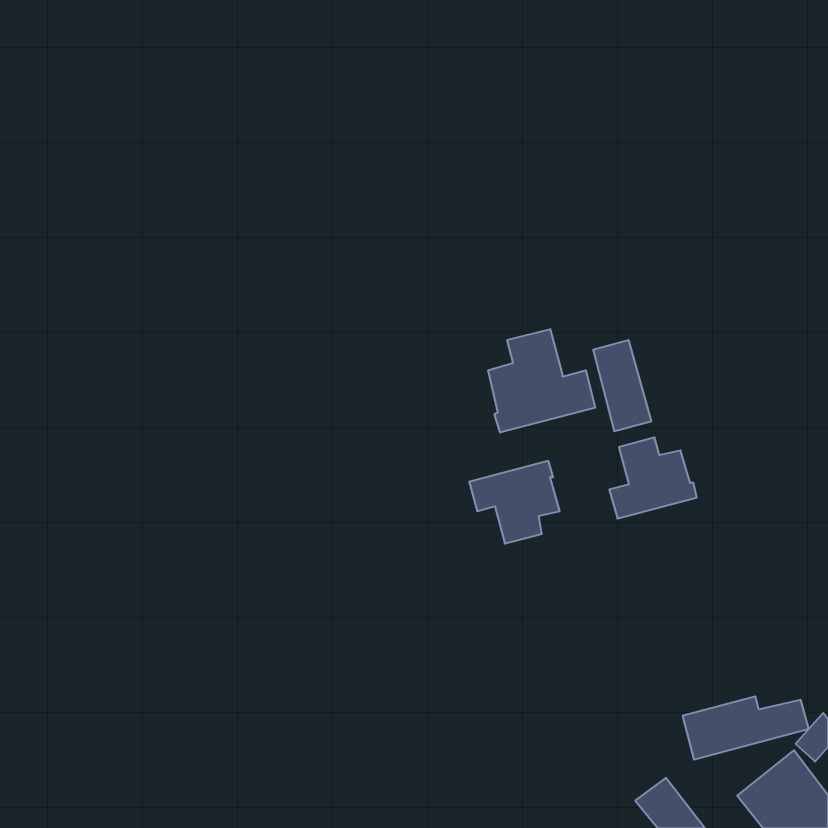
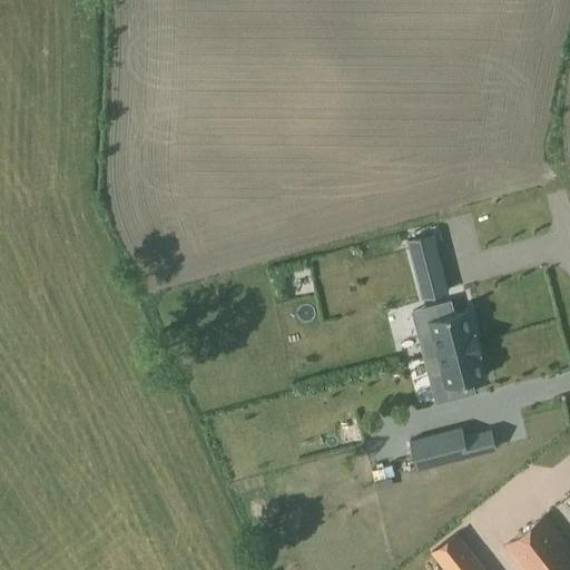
building: [488,329,595,433] -> none
building: [469,461,560,544] -> [424,342,487,399]
building: [683,696,809,760] -> [410,426,497,470]

